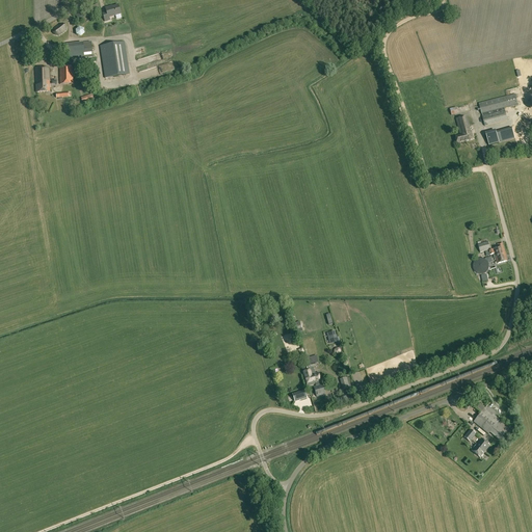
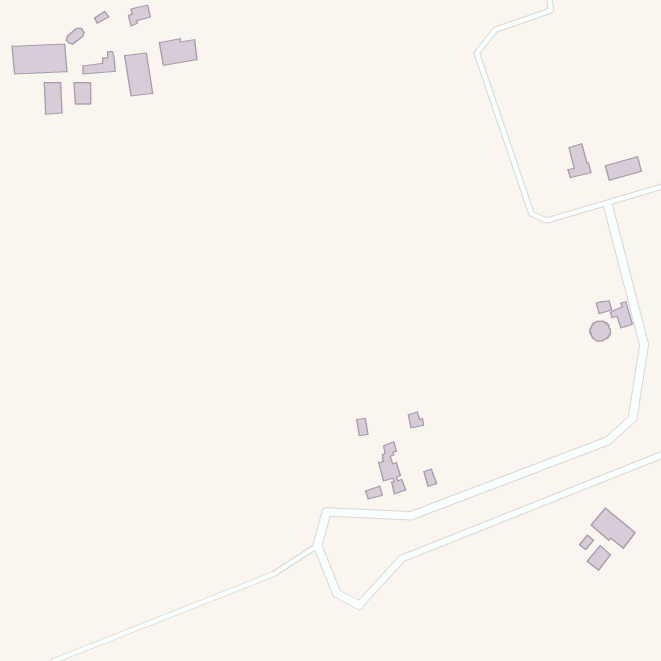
building: none -> [159,39,197,65]
building: none -> [12,44,67,74]
building: [480,92,520,125] -> none

